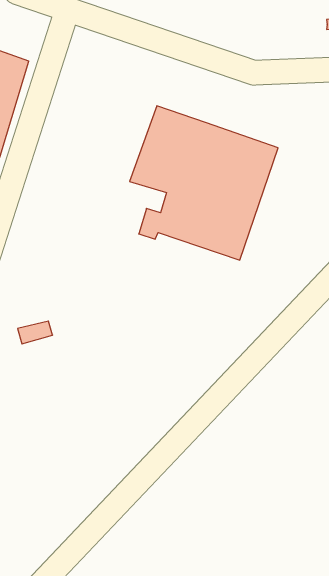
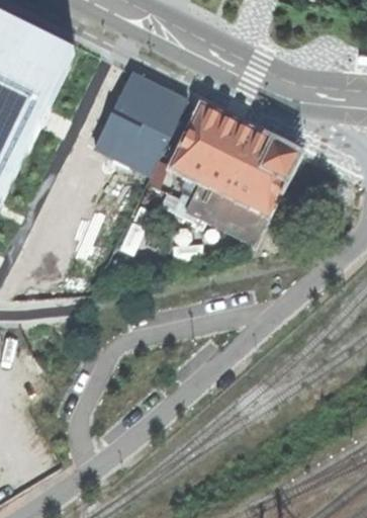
building: none -> [89,69,183,170]

